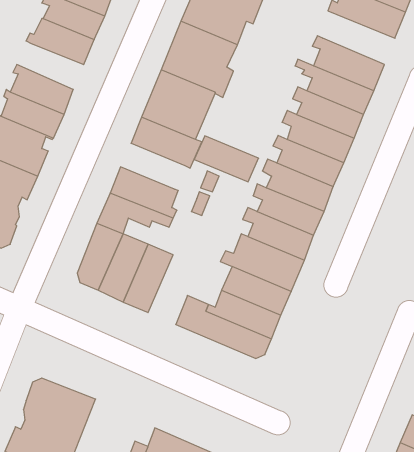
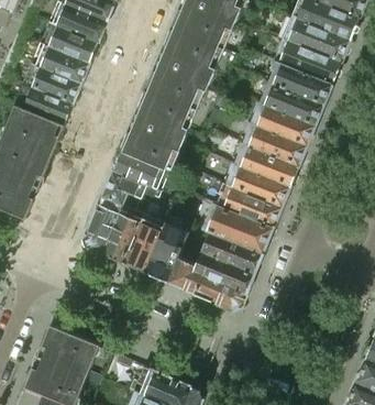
building: none -> [289,18,350,63]
building: none -> [33,45,89,84]
building: [194,136,259,182] -> [120,129,174,167]
building: none -> [143,222,187,281]

